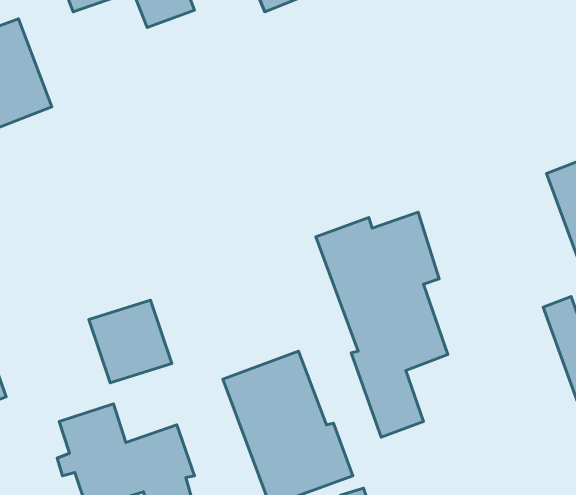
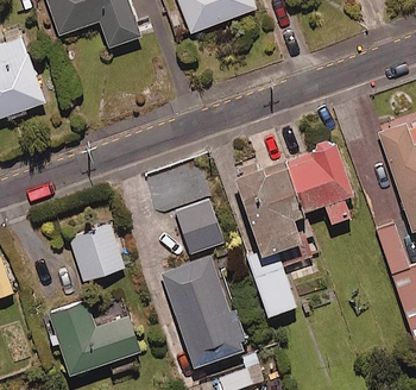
building: none -> [292,147,354,228]
building: none -> [176,202,223,254]

